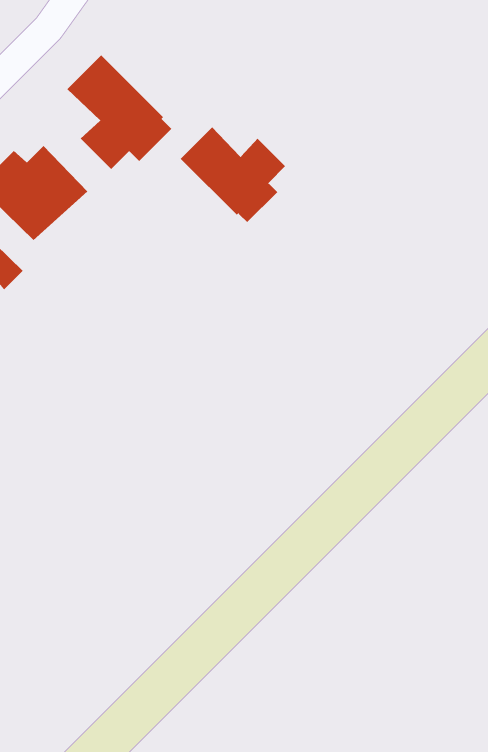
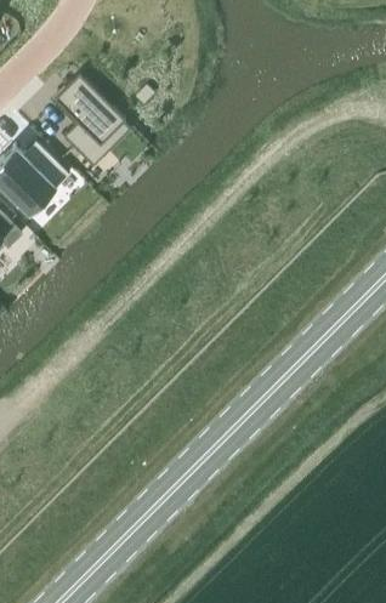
building: [180,126,286,223] -> none

